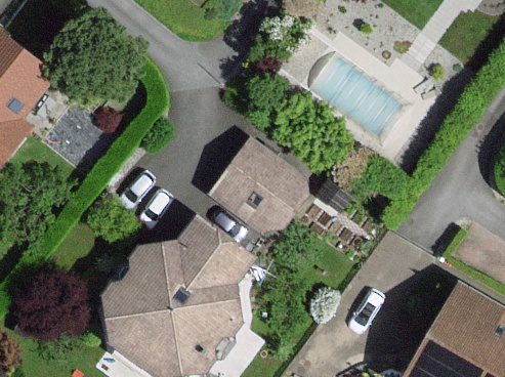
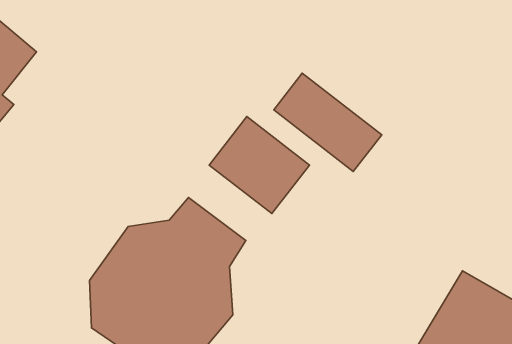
building: none -> [274,73,382,172]

